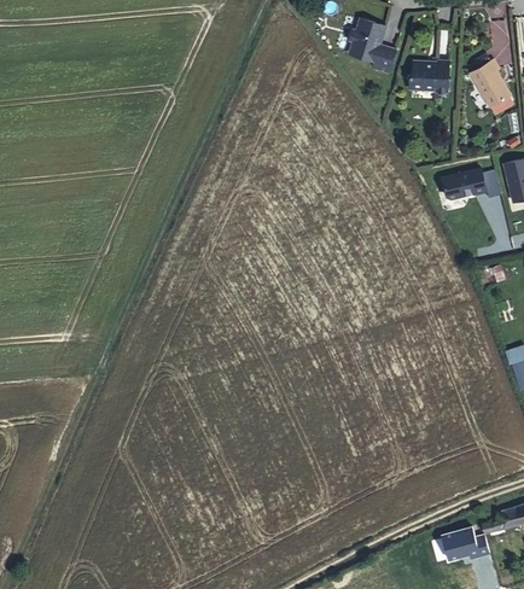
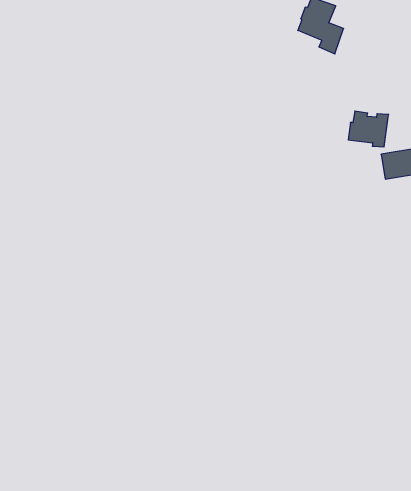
building: [408,64,448,99] -> [348,111,389,147]

